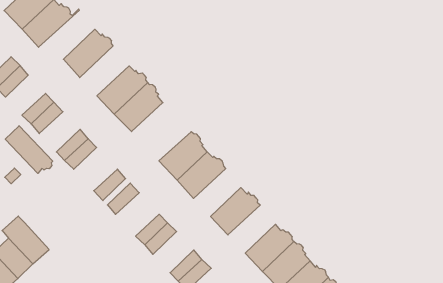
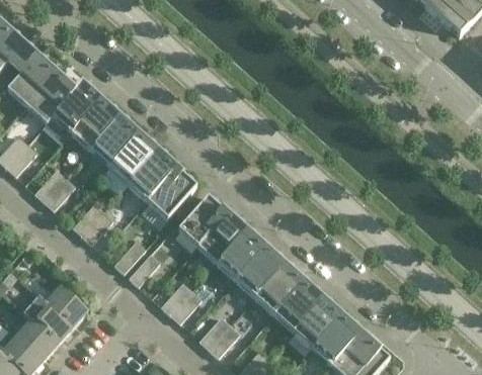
building: none -> [46,81,101,132]
building: none -> [90,114,140,167]
building: none -> [148,168,198,218]
building: [5,126,53,173] -> none
building: none -> [217,229,264,280]
building: none -> [255,264,303,314]
building: none -> [47,286,88,327]

